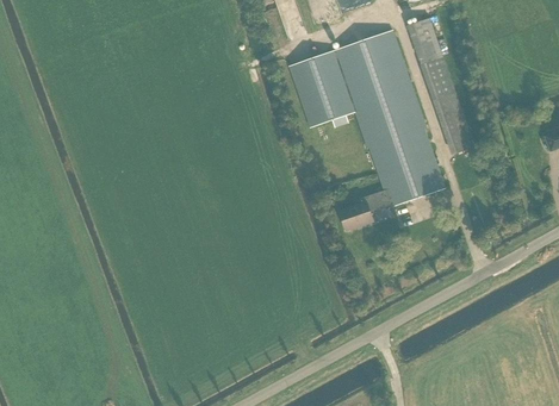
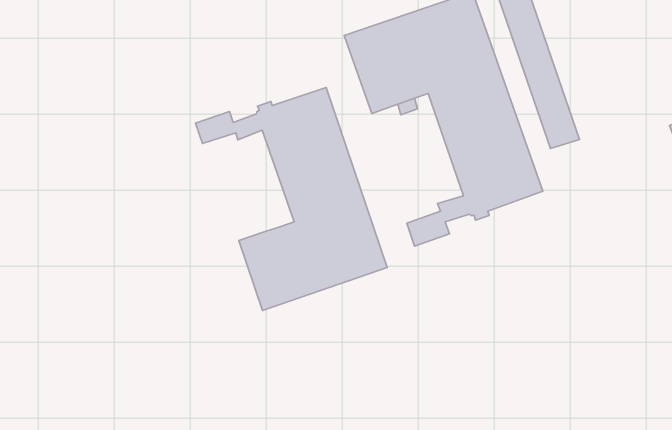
building: none -> [195,88,387,311]

